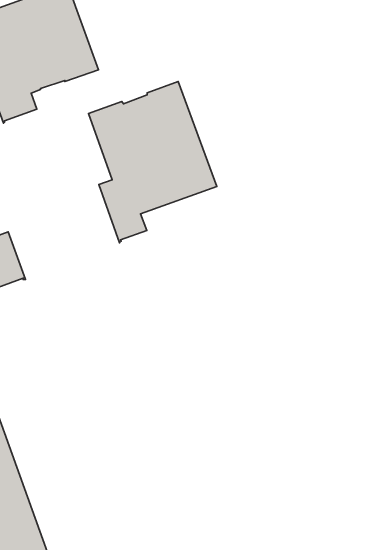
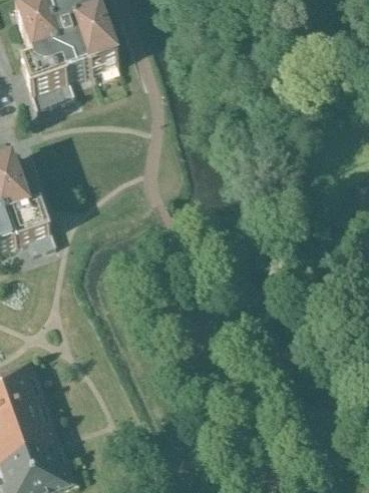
building: [88,81,217,243] -> none

